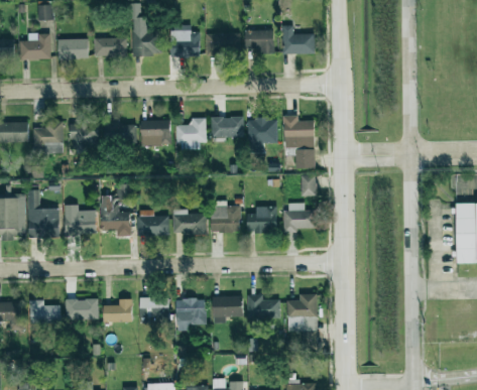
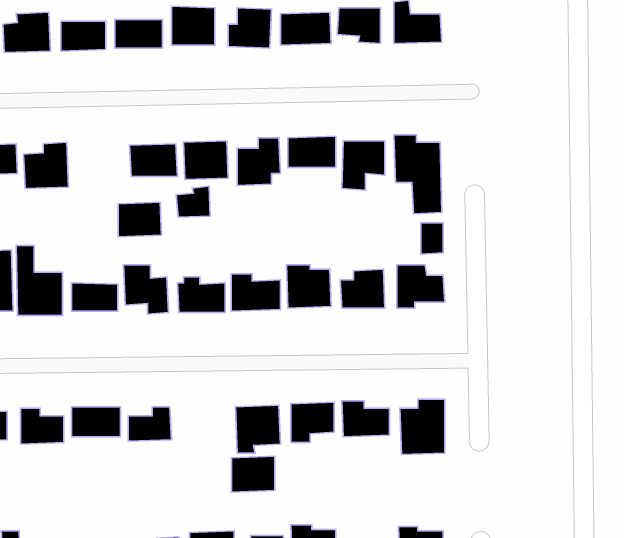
building: [70,123,99,146] -> [118,202,162,237]
building: none -> [176,186,210,217]
building: [139,297,168,321] -> [232,456,275,492]

